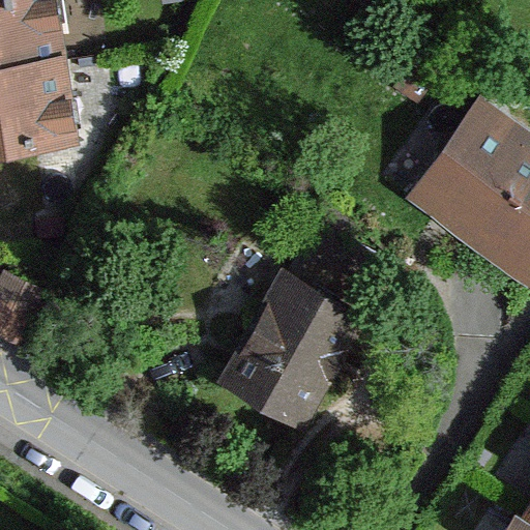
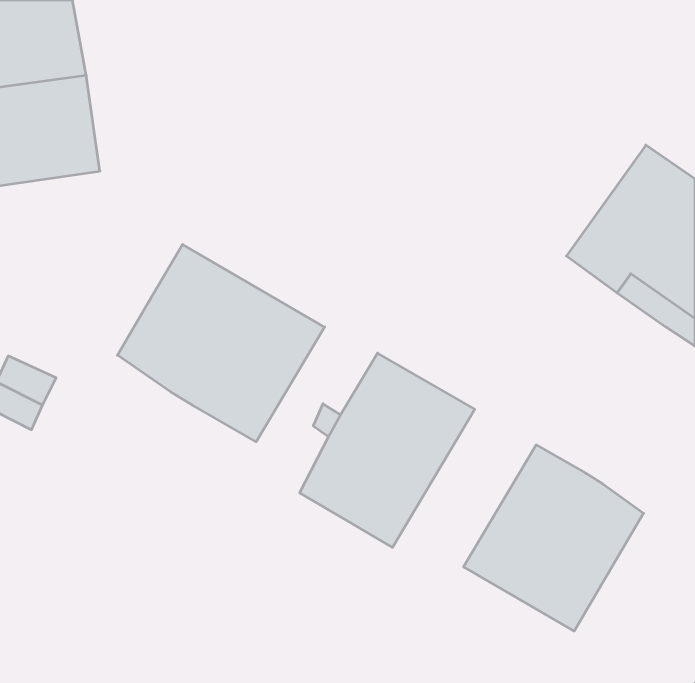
building: none -> [117,244,325,442]
building: none -> [464,445,644,631]

